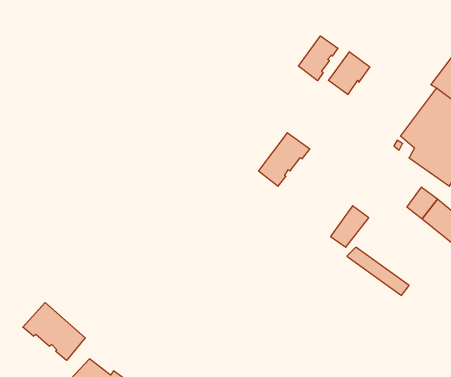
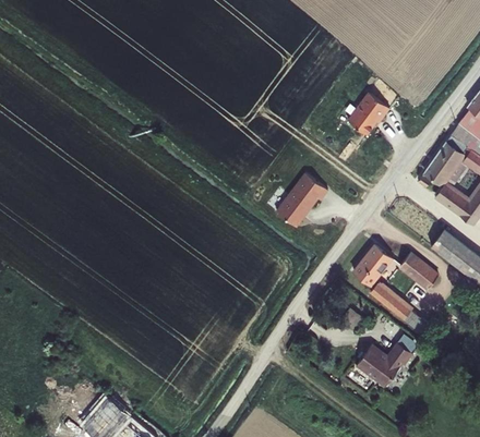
building: [299,36,338,81] -> none
building: none -> [397,253,435,287]
building: [23,303,85,360] -> none
building: none -> [358,343,416,389]

